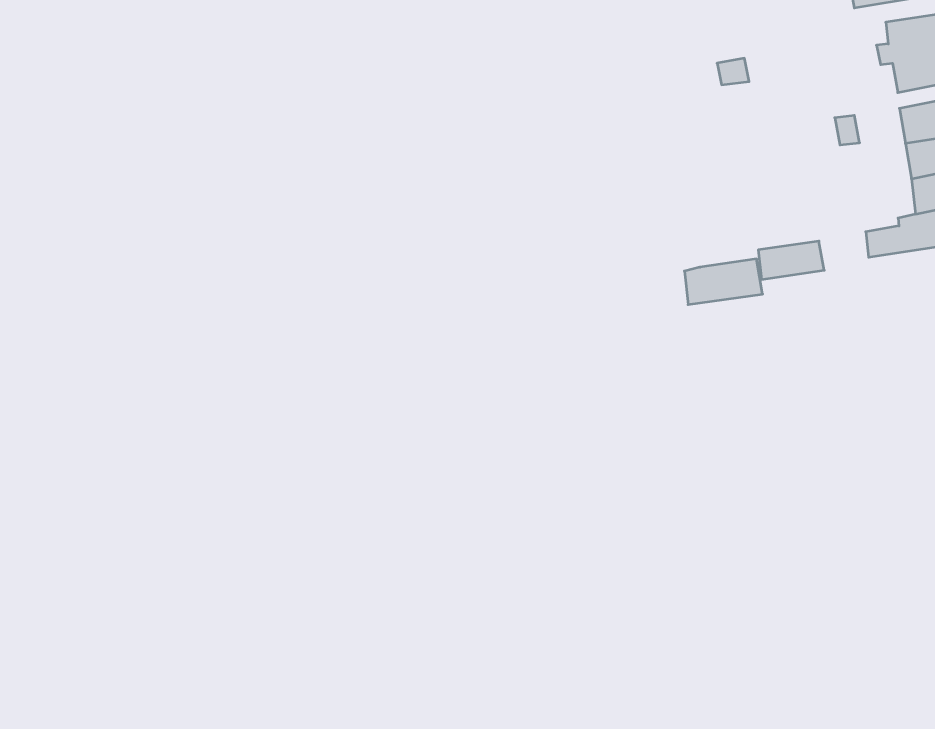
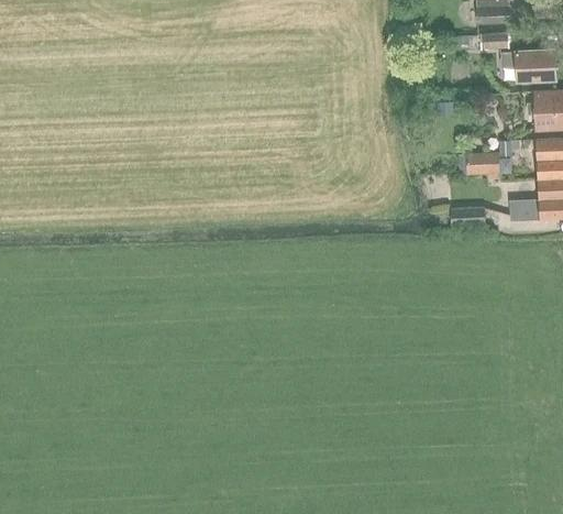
building: [684,259,763,305] -> [457,153,499,174]

